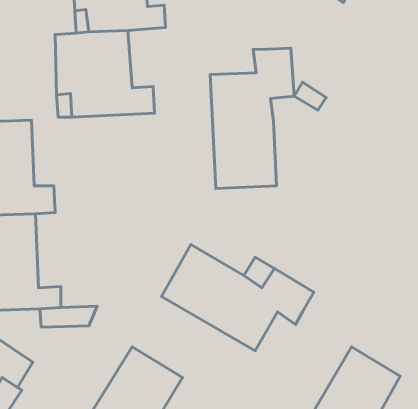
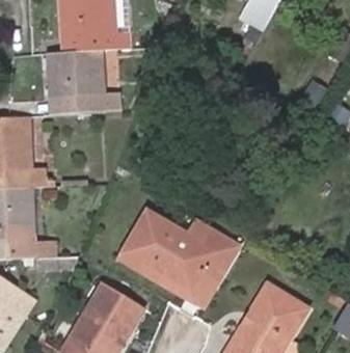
building: [210,48,294,188] -> none
building: none -> [120,248,225,306]

